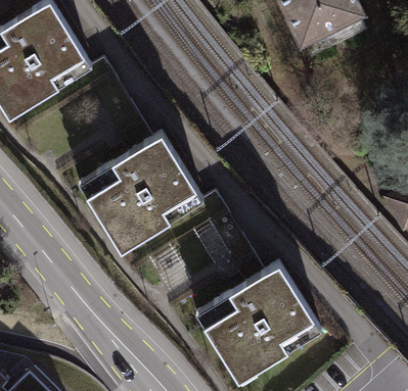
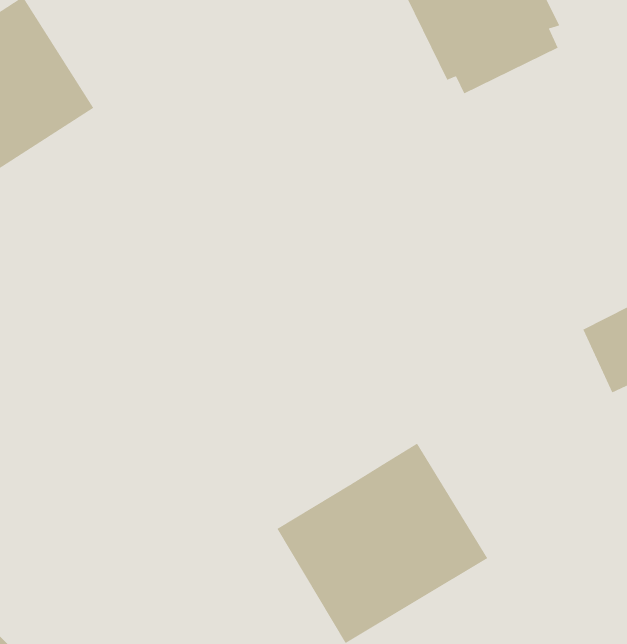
building: [79,134,205,255] -> none

